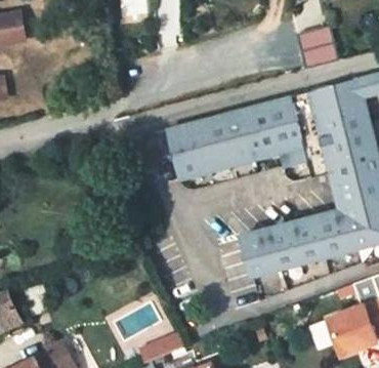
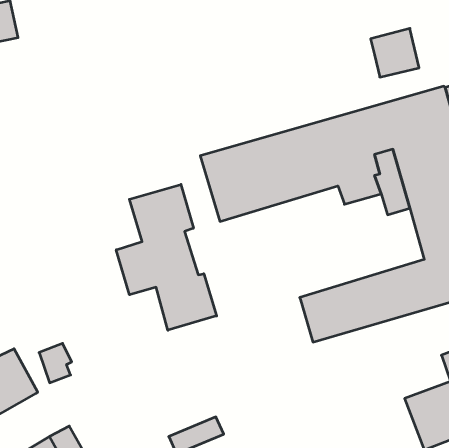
building: none -> [116,184,217,330]

